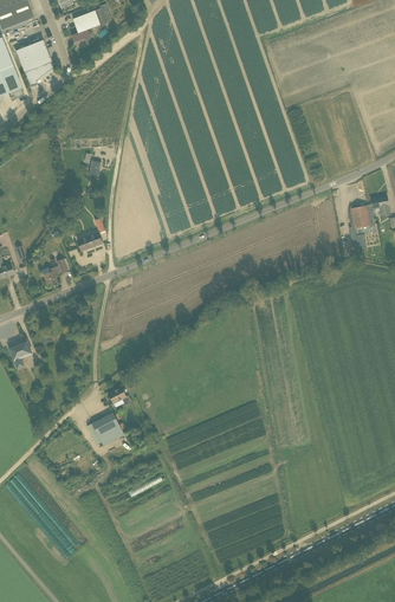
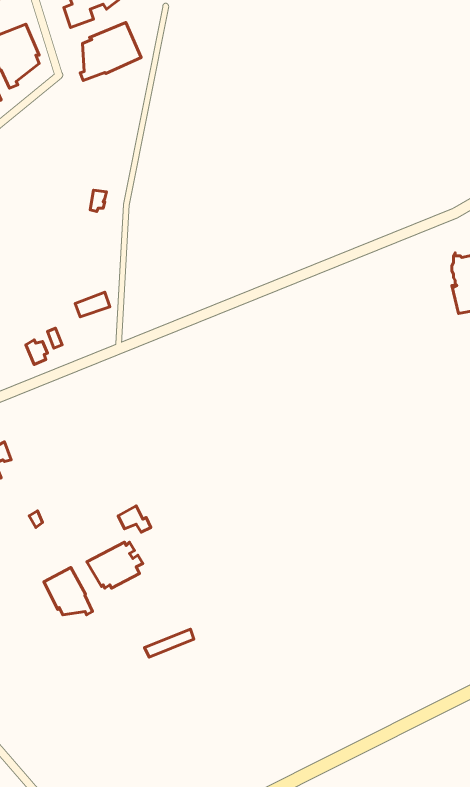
building: none -> [80,22,141,81]
building: none -> [44,567,93,615]

